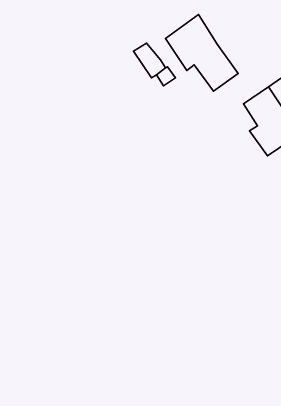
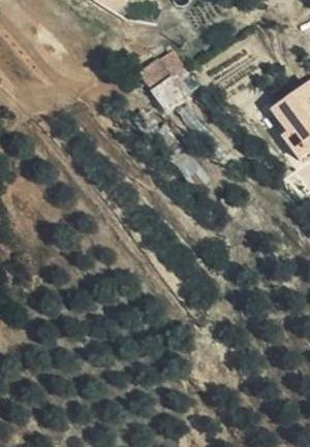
building: [165,15,238,91] -> none

